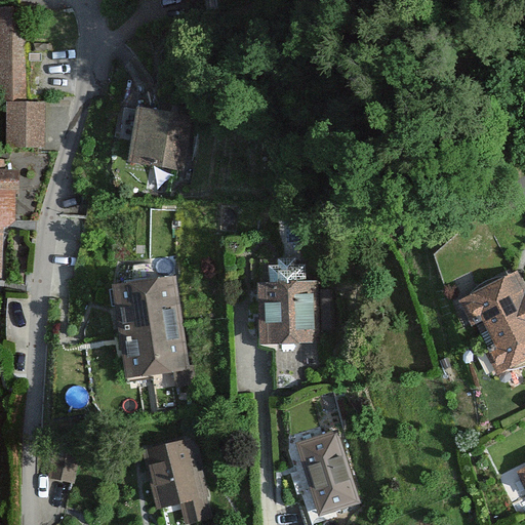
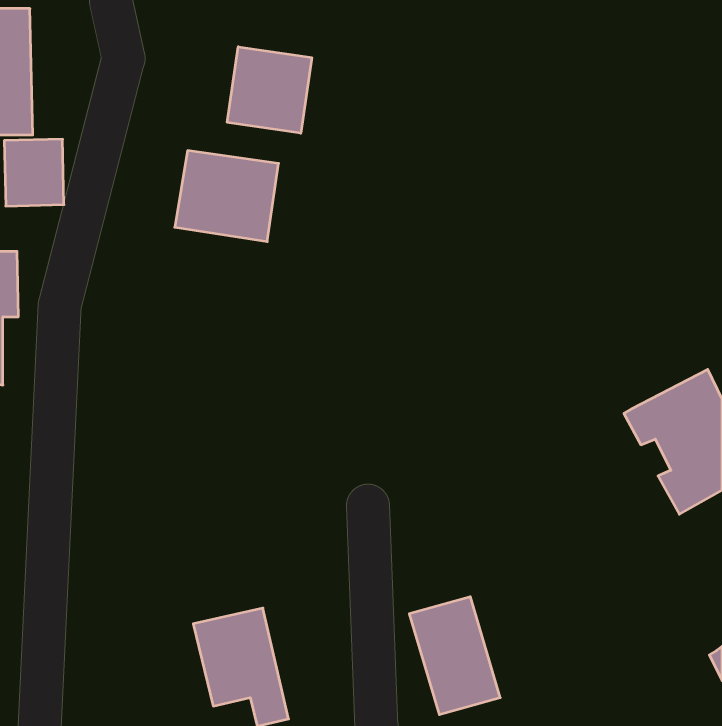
building: none -> [227,47,312,133]
building: [107,273,192,381] -> none
building: [255,279,322,344] -> none

